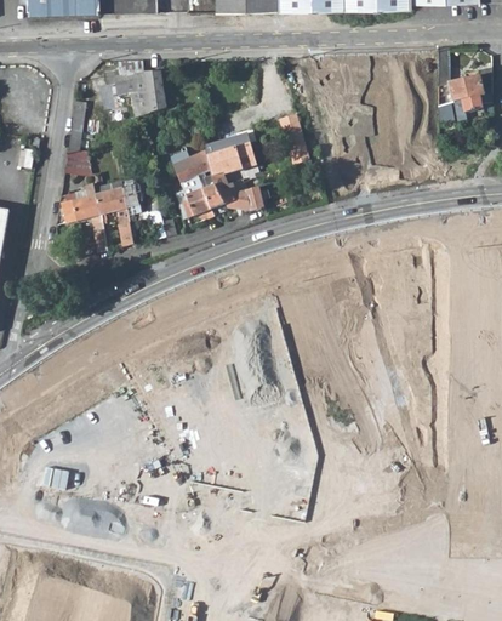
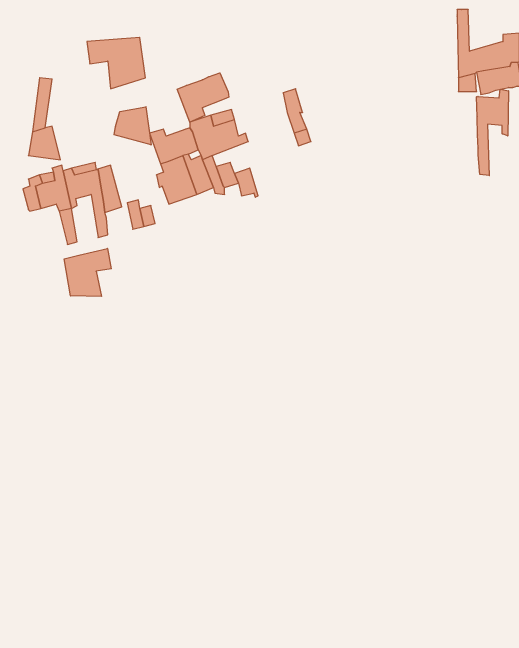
building: none -> [177,73,229,122]
building: none -> [477,89,508,176]
building: none -> [114,107,151,145]
building: none -> [64,248,111,296]

